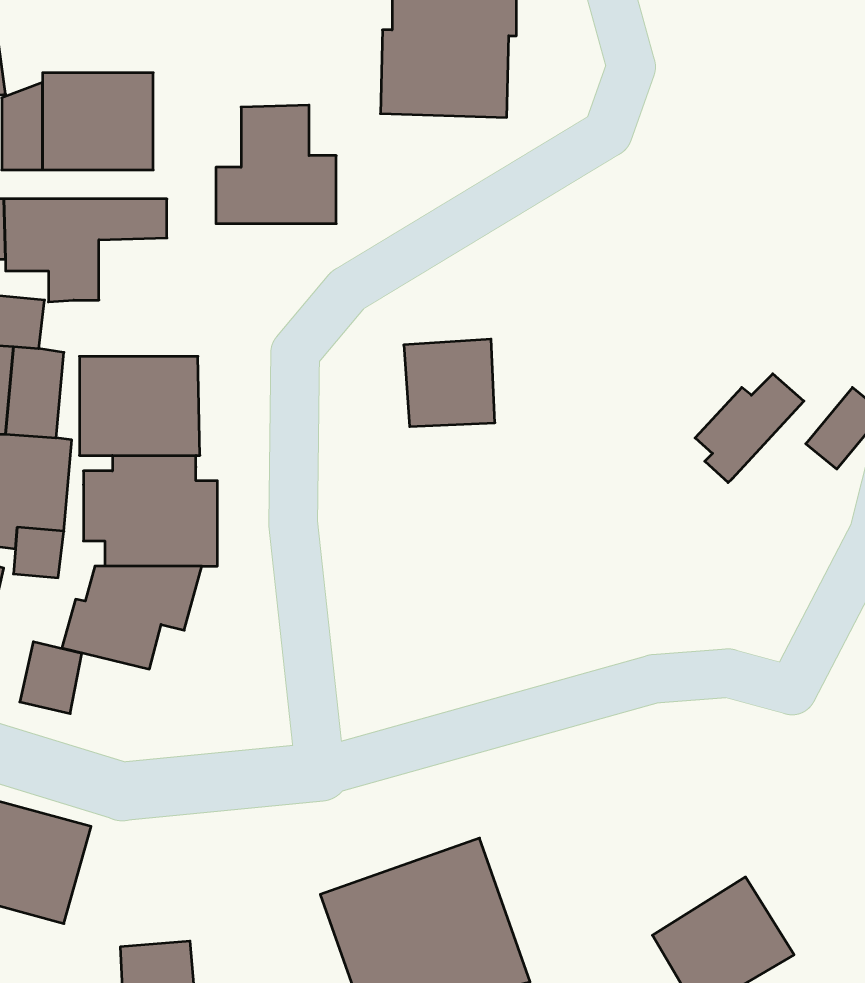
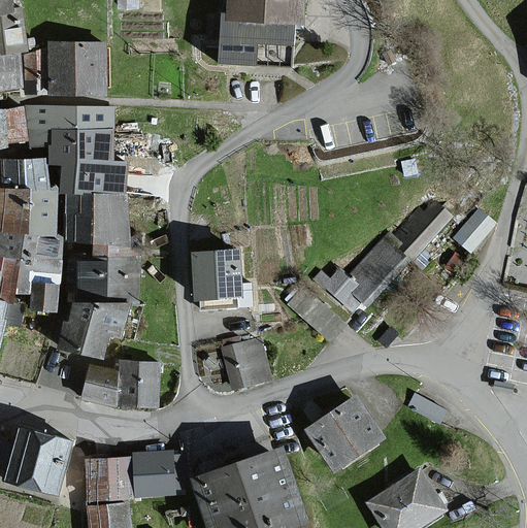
building: [216,105,336,224] -> [62,129,126,192]
building: [404,339,495,427] -> [192,251,240,297]
building: none -> [314,230,409,310]
building: none -> [220,338,268,389]
building: [20,642,82,714] -> [81,364,114,402]
building: none -> [118,361,156,406]
building: none -> [307,397,382,468]
building: none -> [130,449,168,492]
building: none -> [87,457,126,498]

